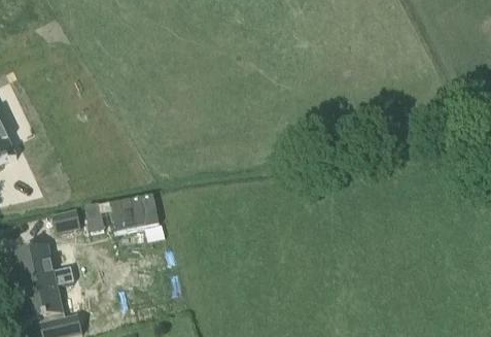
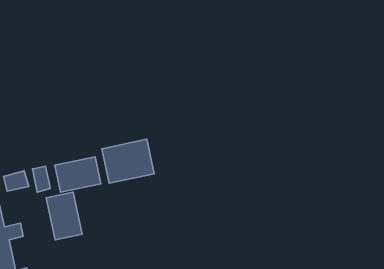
building: none -> [102,139,154,183]
building: none -> [46,192,82,240]

